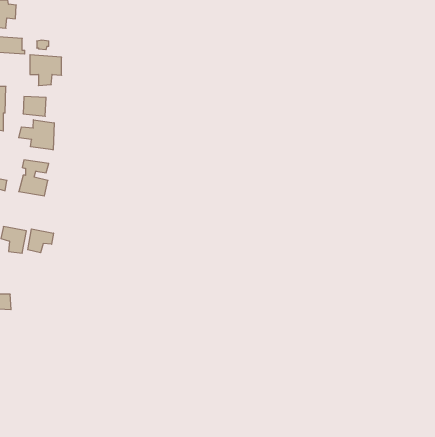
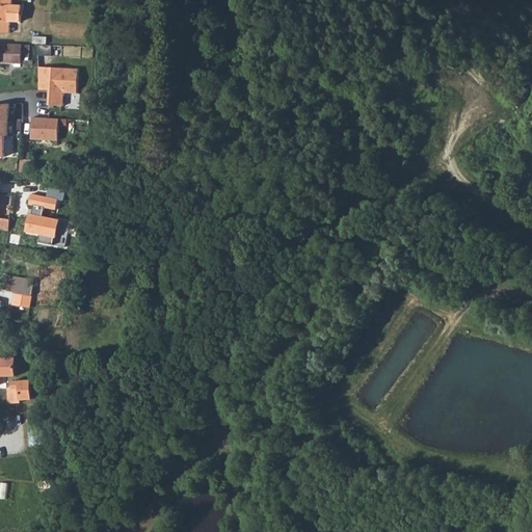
building: [19,120,54,150] -> none
building: [28,229,53,253] -> none
building: none -> [4,382,26,401]

